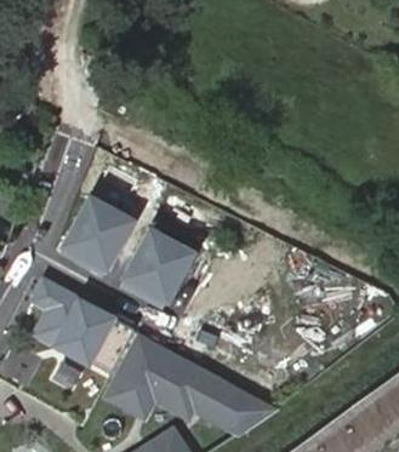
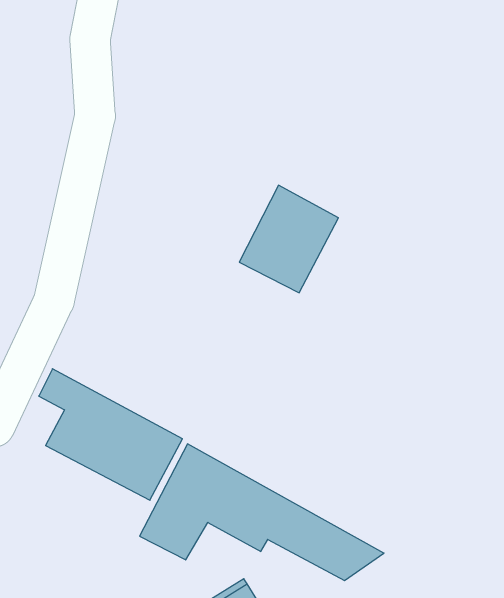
building: [61,198,132,274] -> none
building: [121,229,192,305] -> [239,185,338,293]

